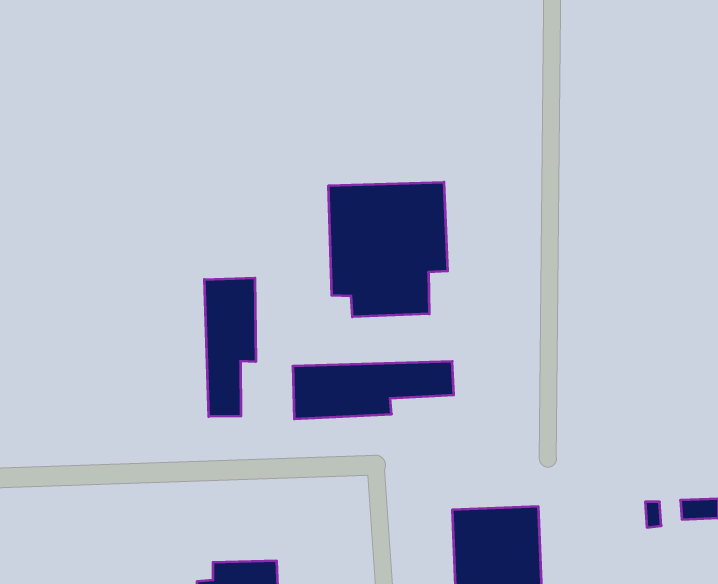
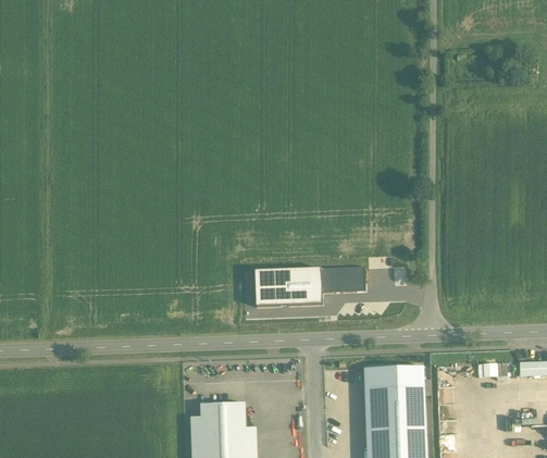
building: [329,182,448,317] -> none
building: [204,278,256,417] -> none

